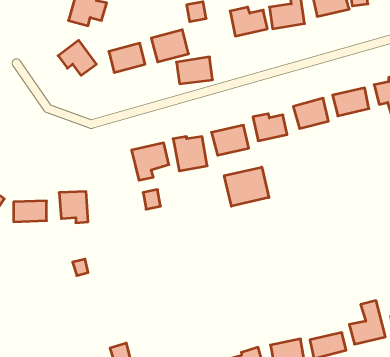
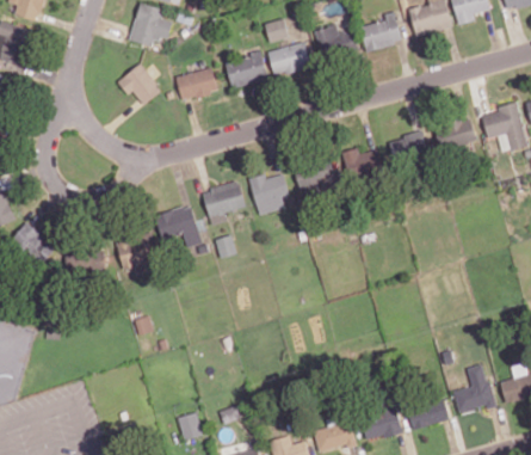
building: [176,57,213,84] -> [270,43,311,74]
building: none -> [156,205,202,247]
building: [224,167,269,206] -> none

